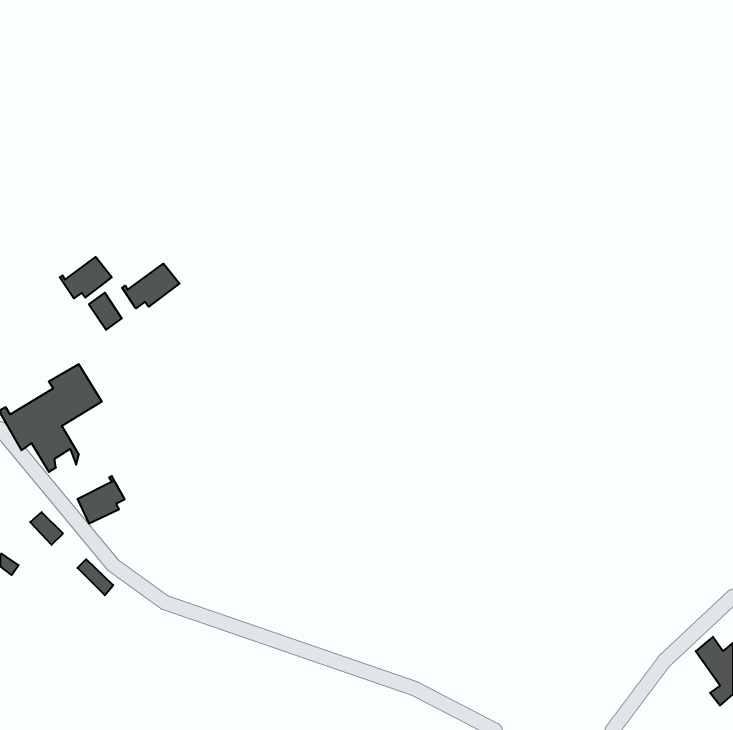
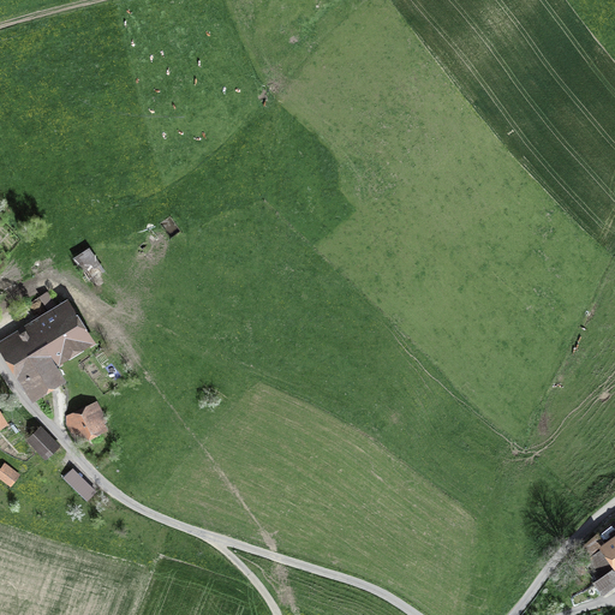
building: [60,257,112,298] -> none
building: [122,264,180,308] -> none

